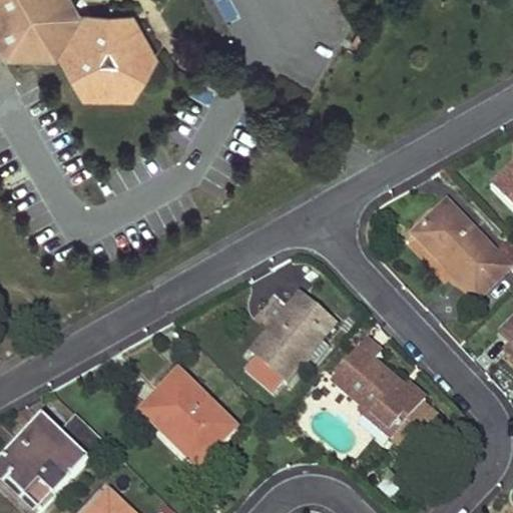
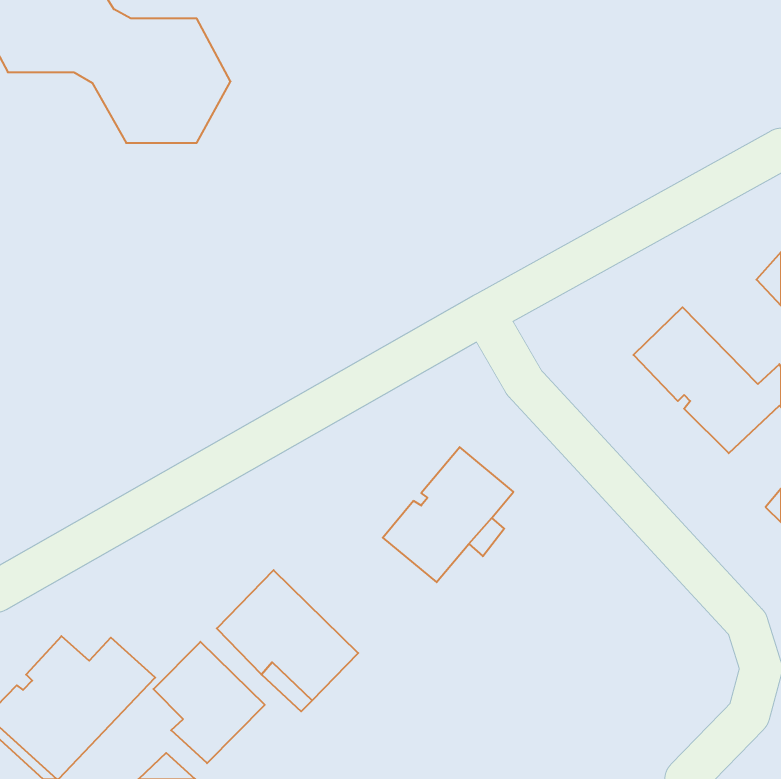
building: [330,340,424,436] -> none
building: none -> [153,642,265,763]

